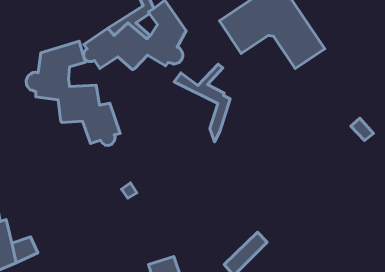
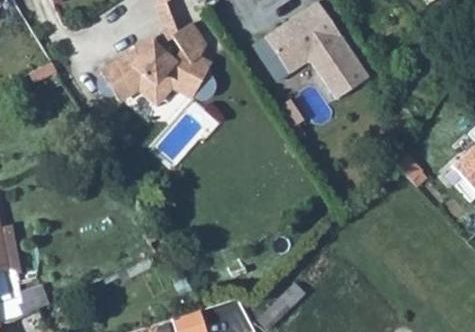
building: [26,41,120,145] -> none
building: [174,64,230,142] -> none

